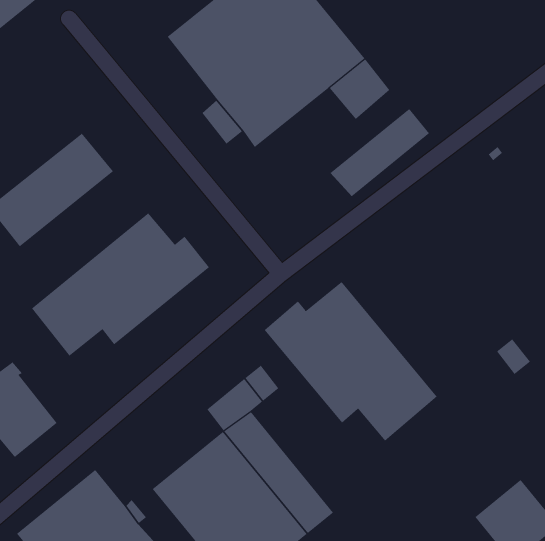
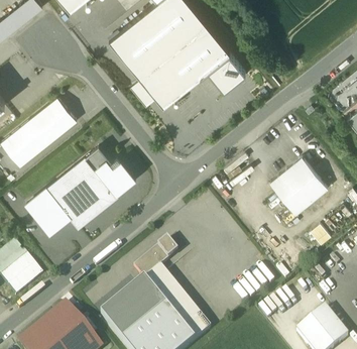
building: [330,108,430,197] -> none
building: none -> [270,154,328,212]
building: [264,281,437,441] -> none

